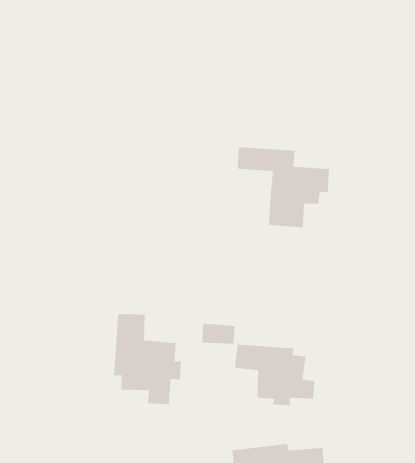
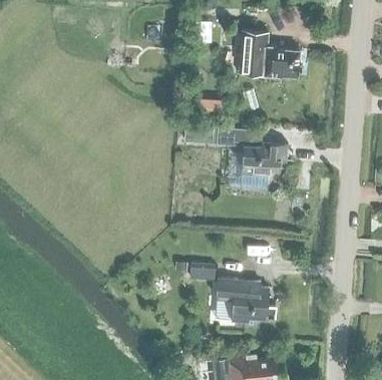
building: none -> [239,29,302,77]
building: [114,313,181,405] -> none

